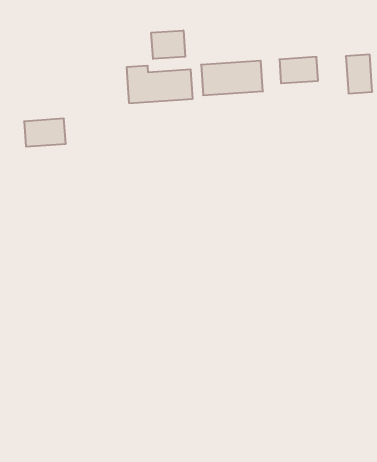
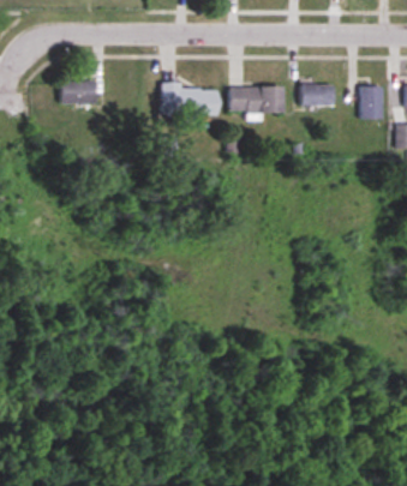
building: [151,30,185,59] -> none
building: [24,119,66,147] -> [62,80,98,103]

